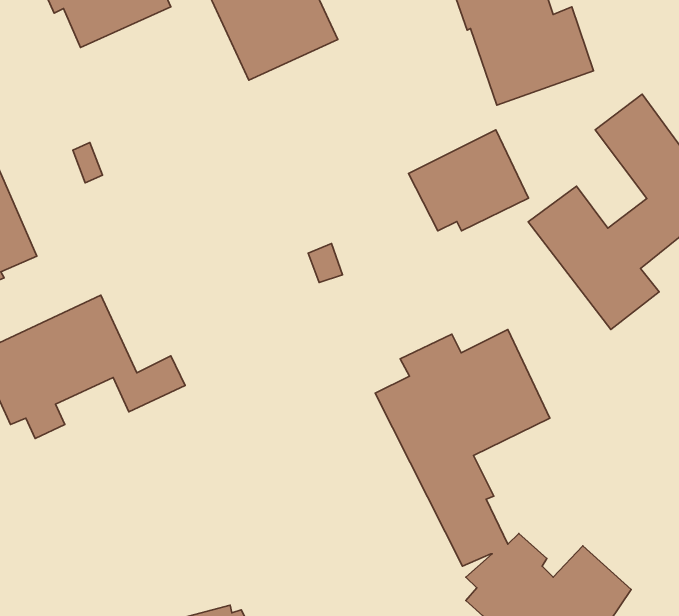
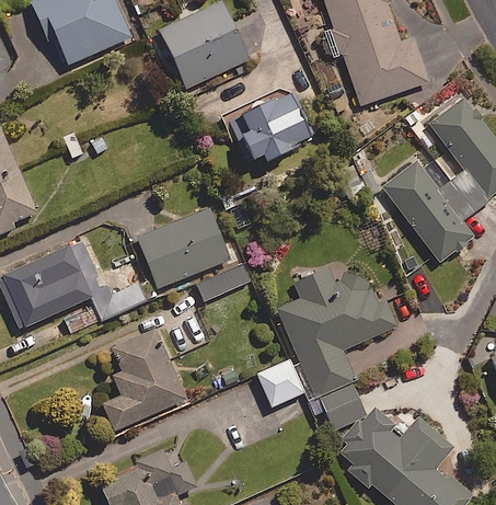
building: [408,130,528,231] -> [229,90,313,161]
building: none -> [136,209,241,300]
building: none -> [103,329,184,431]
building: none -> [256,358,305,408]

